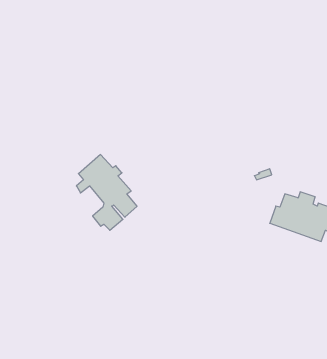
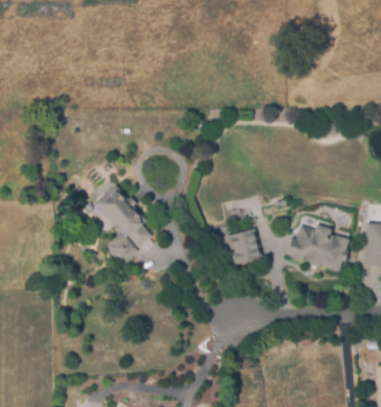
building: none -> [226,228,262,264]

